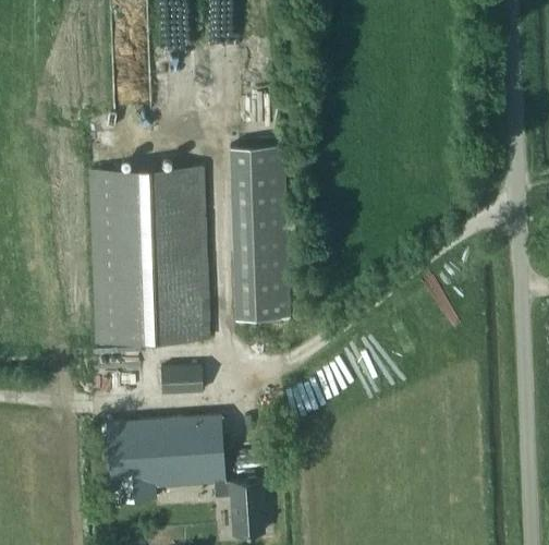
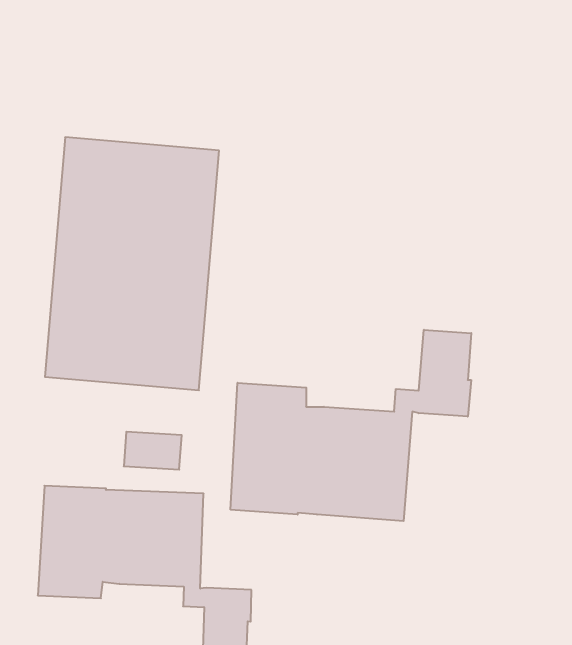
building: [229,152,289,326] -> none
building: none -> [231,330,471,521]

